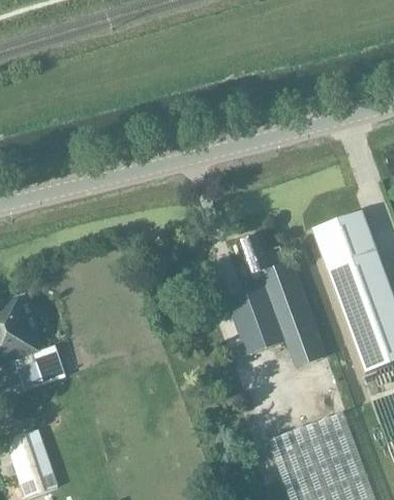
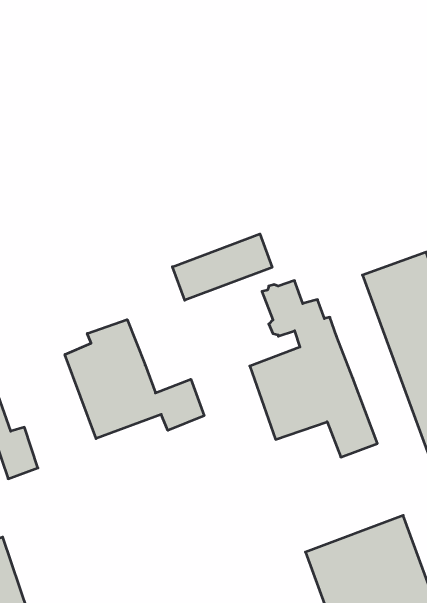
building: none -> [172,234,272,300]
building: none -> [65,320,204,439]

